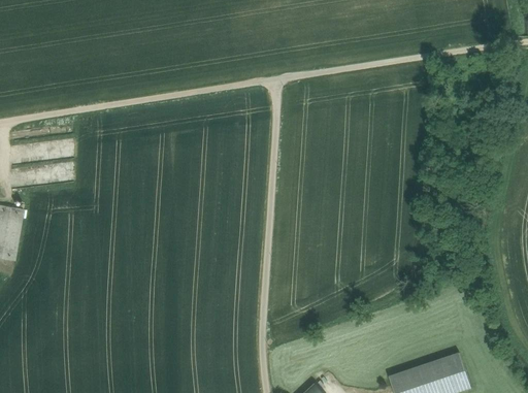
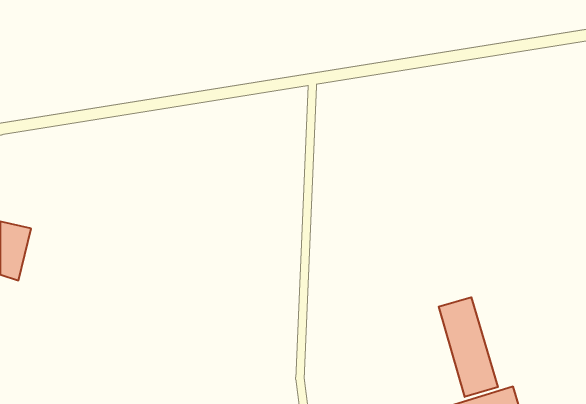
building: none -> [439,297,498,397]

